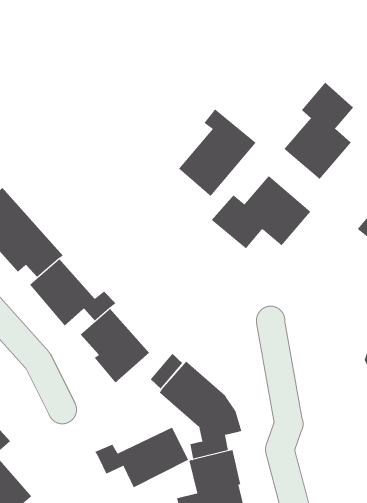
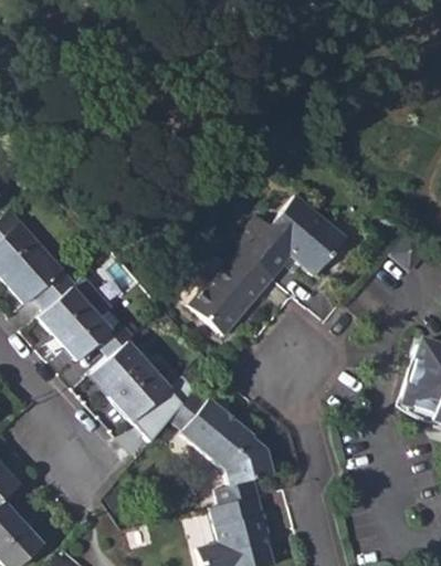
building: [284,82,354,180] -> none
building: [178,108,256,197] -> [189,240,274,336]
building: [95,427,189,488] -> none

